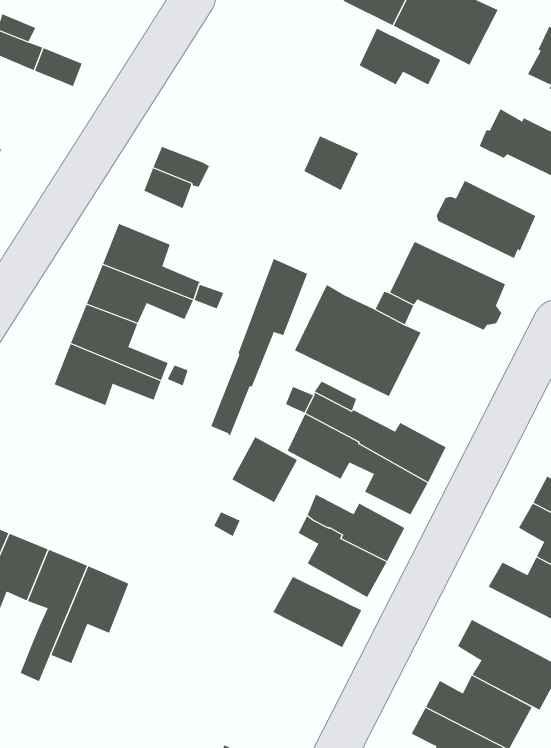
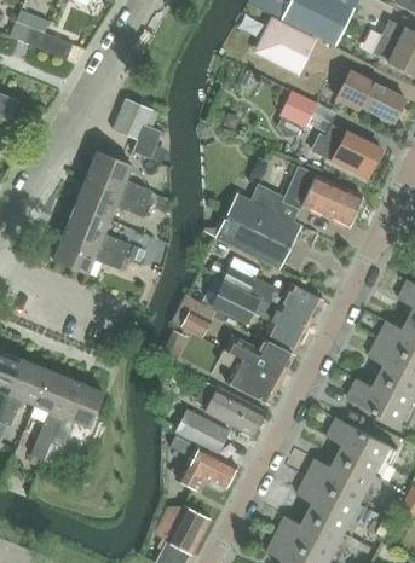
building: [303,135,359,191] -> [279,91,317,128]
building: [210,258,308,437] -> none
building: none -> [169,408,234,489]

